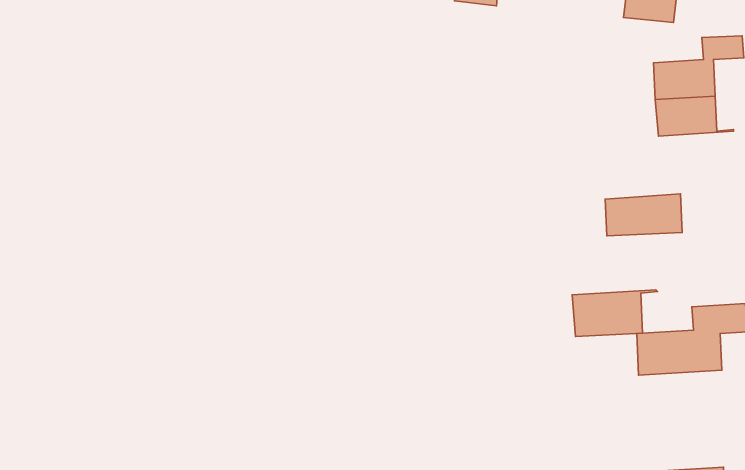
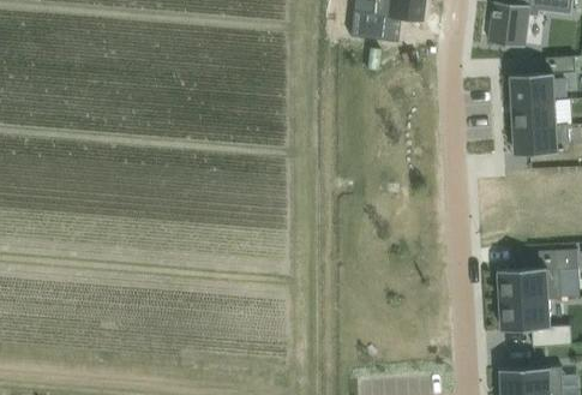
building: [605,194,682,236] -> [515,125,570,155]
building: [572,290,657,337] -> [500,297,562,330]

